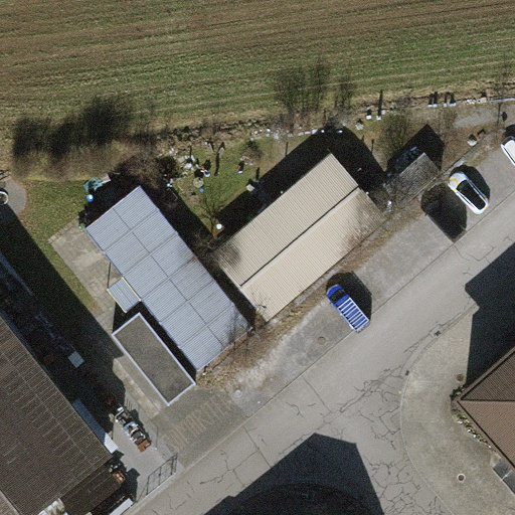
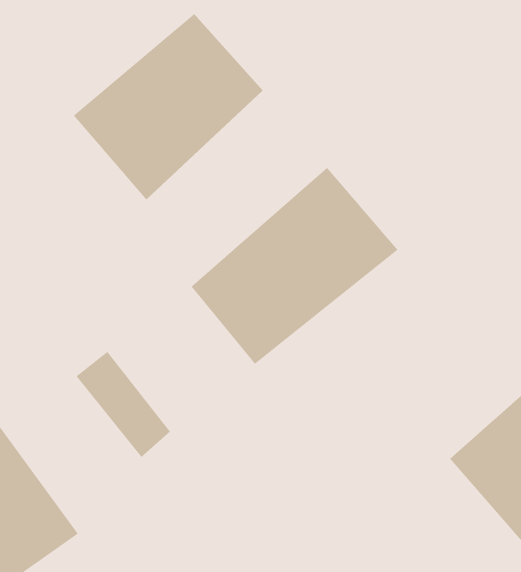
building: none -> [73,13,263,201]
building: [85,185,252,370] -> none

